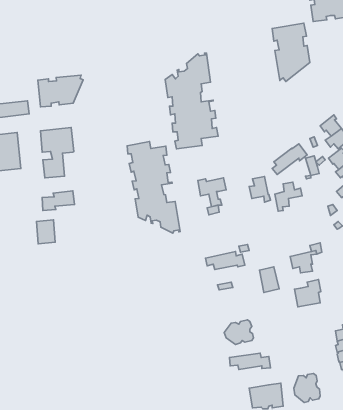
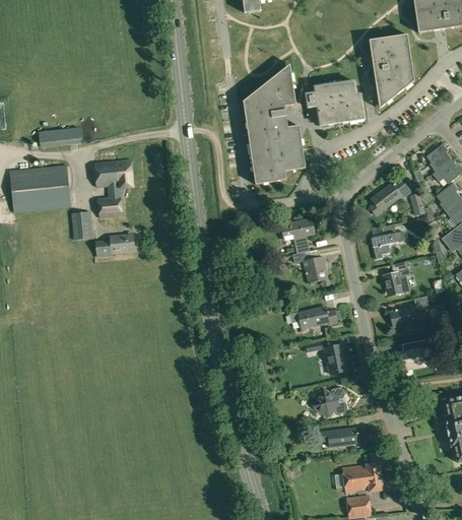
building: none -> [306,81,365,126]
building: [38,75,83,107] -> none
building: [127,142,180,233] -> none
building: [249,176,271,202] -> [305,256,330,286]
building: none -> [384,261,411,296]
building: [36,220,55,244] -> [71,211,93,240]
building: [259,267,279,292] -> [325,343,348,374]
building: [294,373,320,402] -> none

